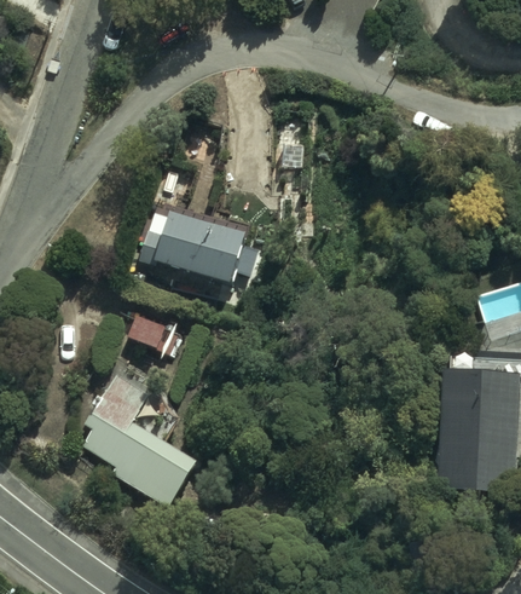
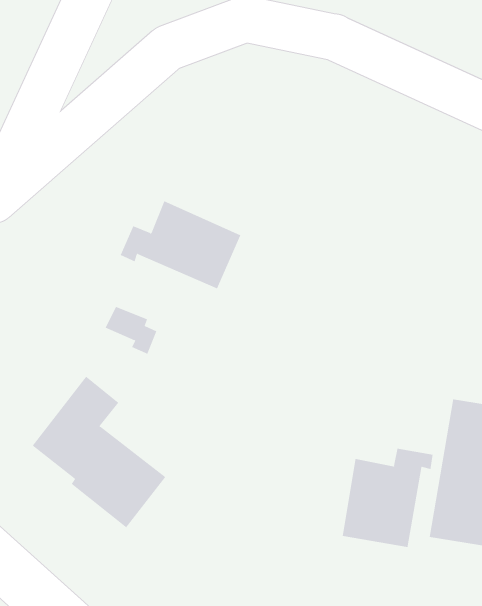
building: none -> [342,448,433,548]

